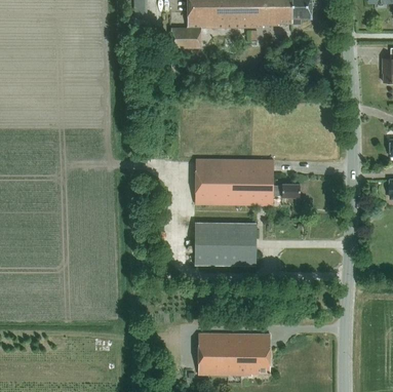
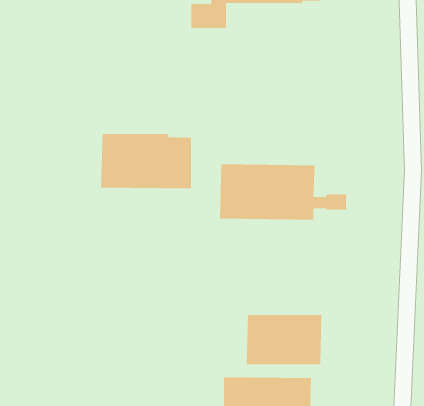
building: none -> [101,133,192,189]
building: [194,223,257,264] -> [246,315,322,365]

